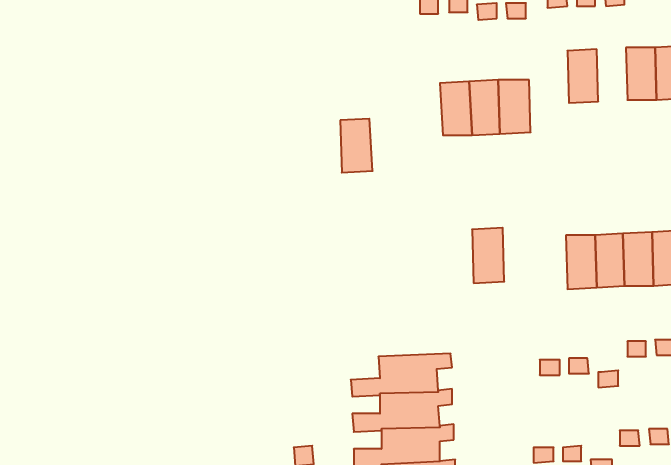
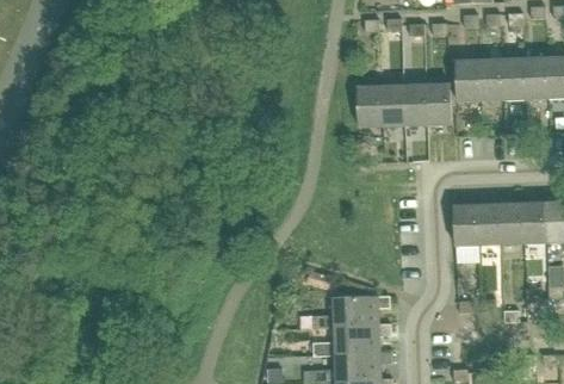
building: none -> [501,58,525,100]
building: none -> [454,61,479,101]
building: [340,119,373,173] -> [357,86,382,128]
building: [472,228,504,283] -> [453,204,478,247]

